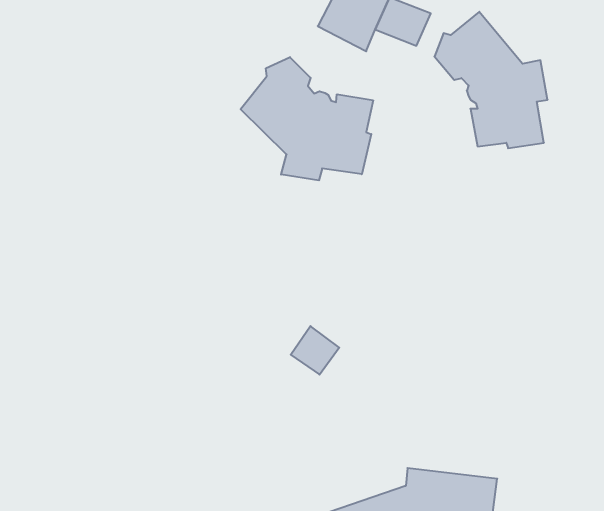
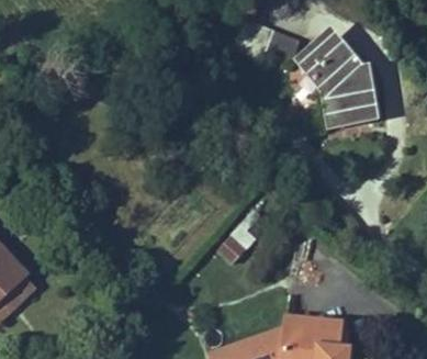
building: [241,57,373,180] -> none

